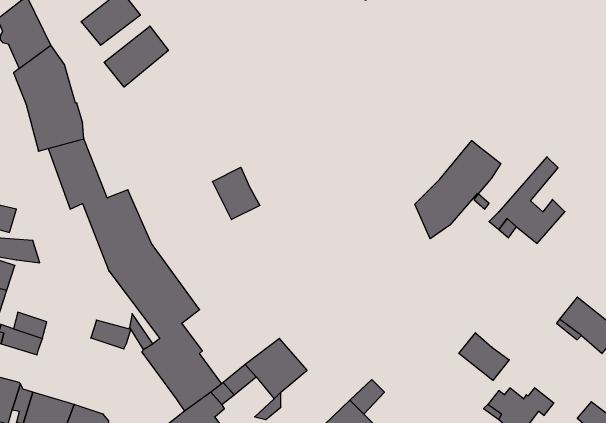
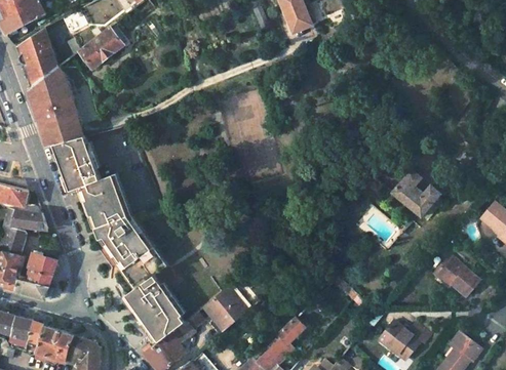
building: [104,26,168,87] -> none
building: [415,141,501,239] -> none
building: [212,167,260,220] -> none
building: [91,320,131,349] -> [28,252,57,274]
building: [459,333,509,380] -> none

